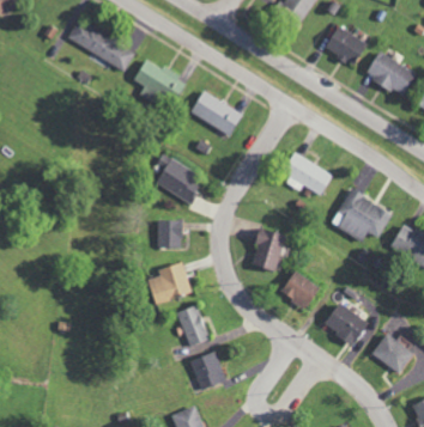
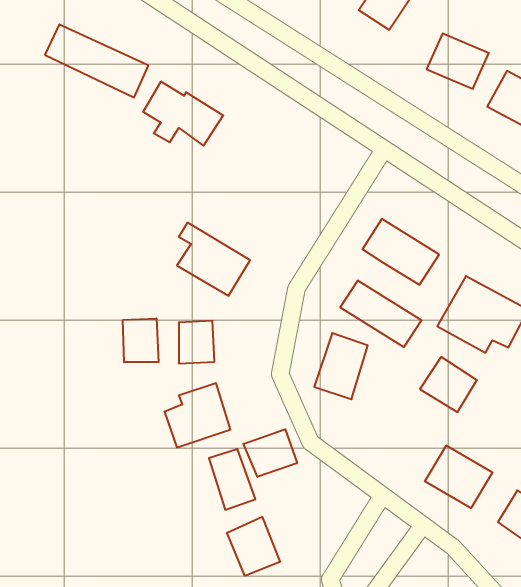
building: [190,90,243,135] -> none
building: none -> [340,280,421,347]
building: none -> [123,318,158,362]
building: [280,270,319,307] -> [420,357,477,412]
building: none -> [243,429,297,477]

